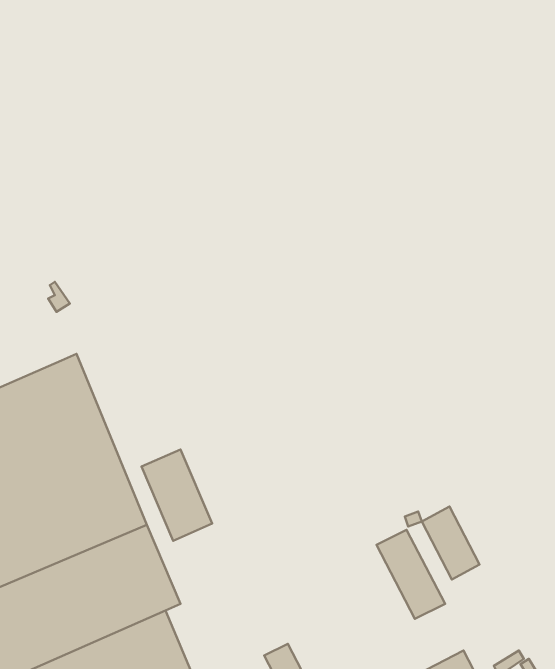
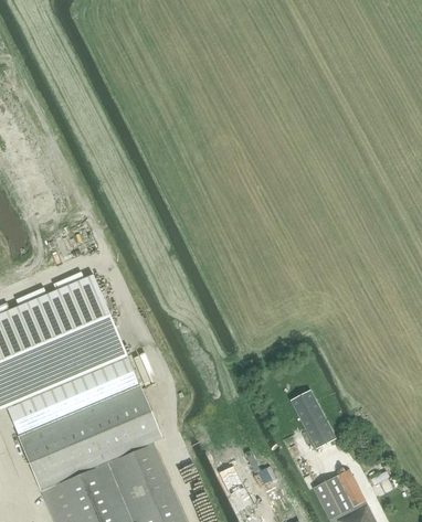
building: [142,449,212,541] -> none
building: [422,506,480,580] -> none

